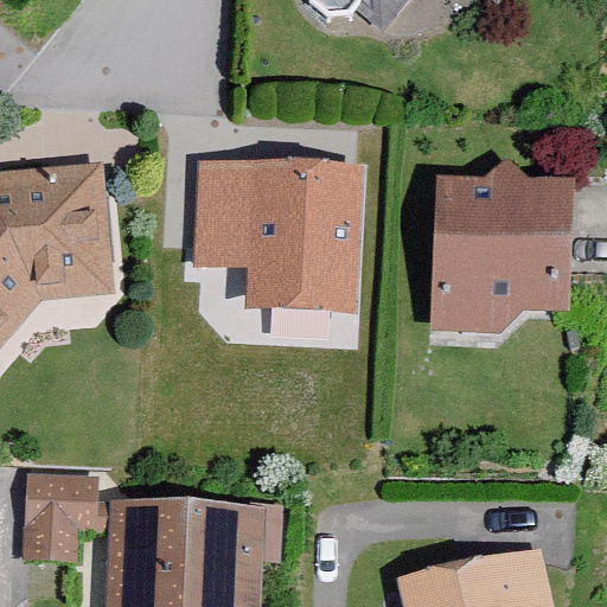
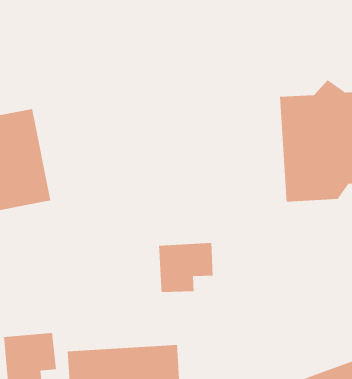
building: [193,164,359,309] -> none
building: none -> [159,242,213,293]

